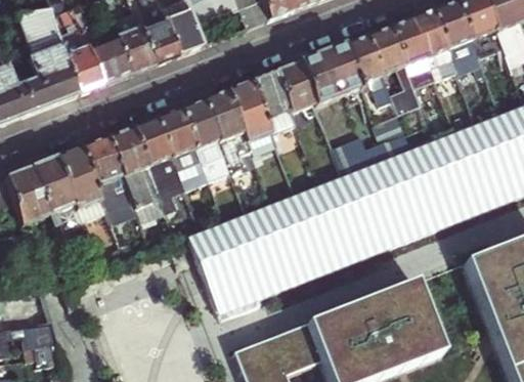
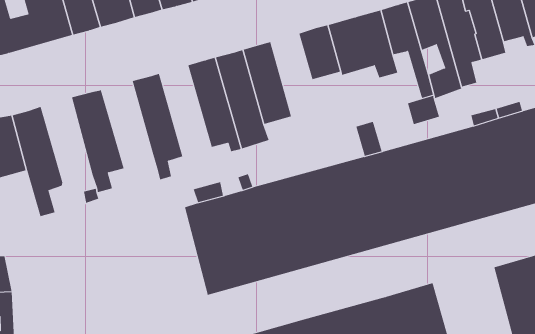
building: [255,72,298,150] -> none
building: [161,109,215,196] -> none
building: [112,127,167,224] -> none
building: [60,146,111,221] -> none

